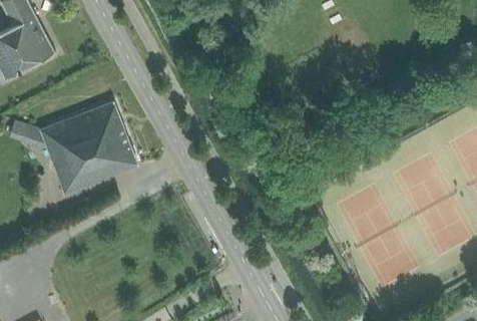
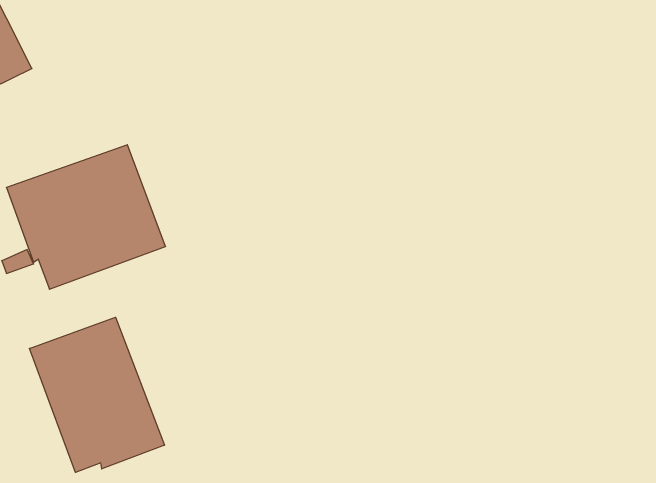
building: none -> [29,317,164,472]

